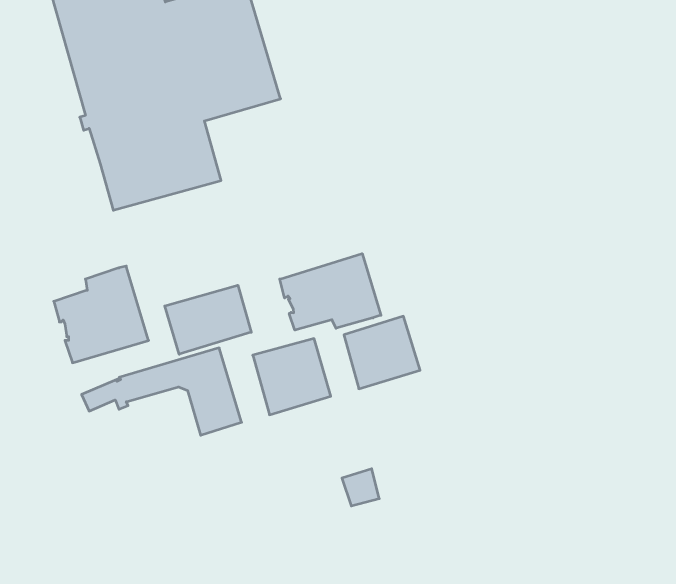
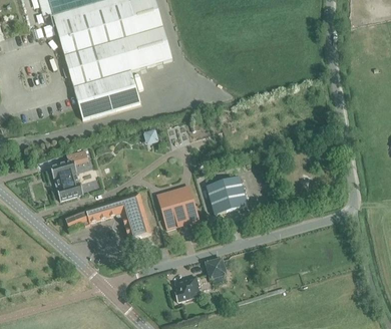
building: [280,254,381,330] -> none
building: [165,285,251,354] -> none
building: none -> [174,276,201,301]

